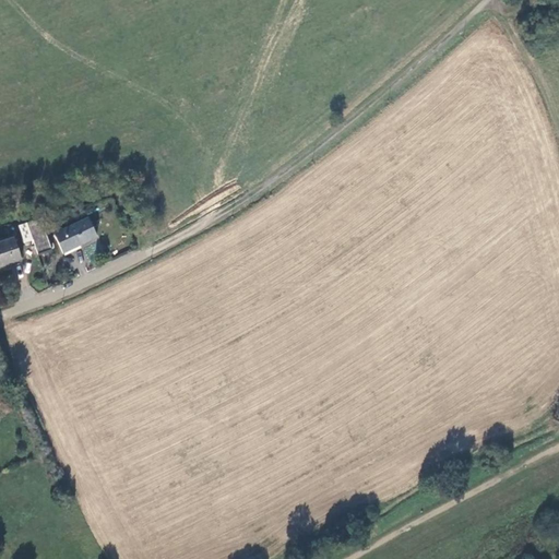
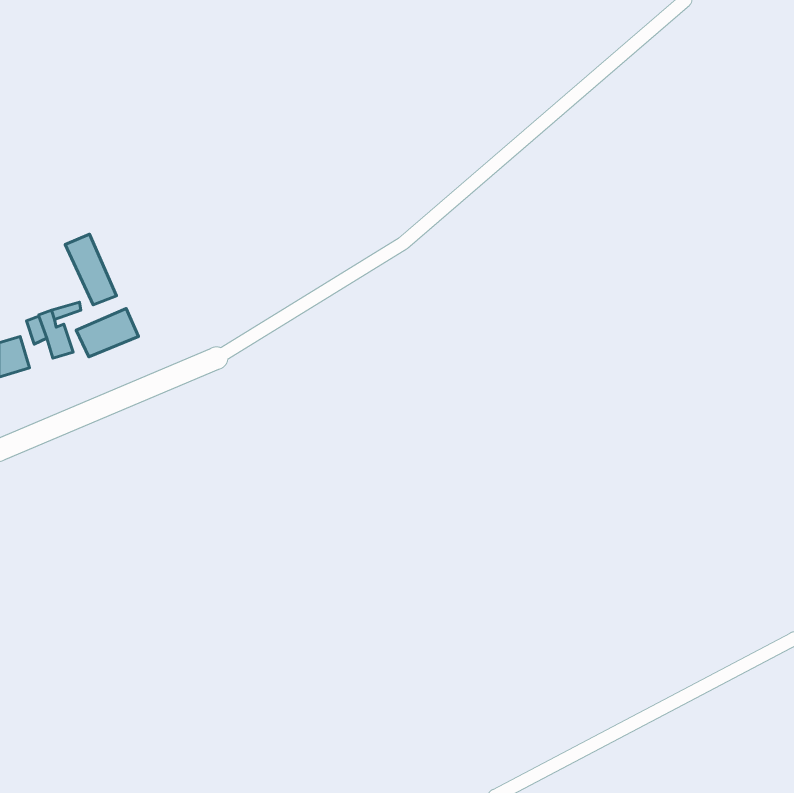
building: none -> [65,234,117,305]

